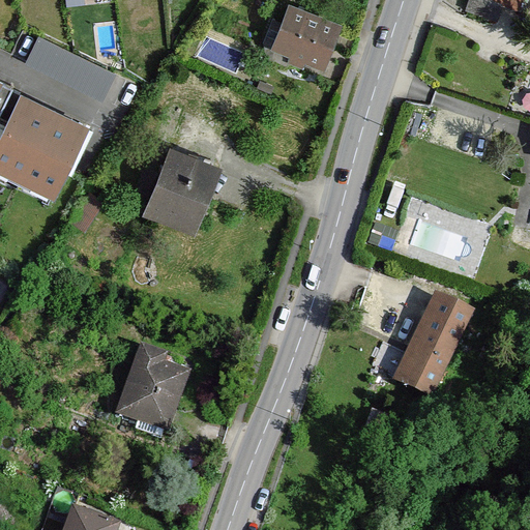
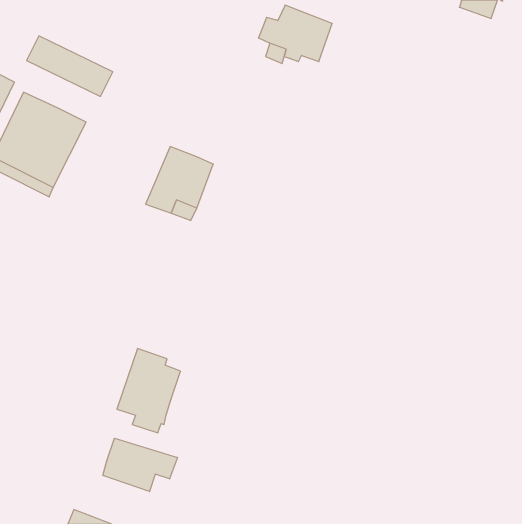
building: [398,298,469,394] -> none
building: none -> [103,438,177,492]

